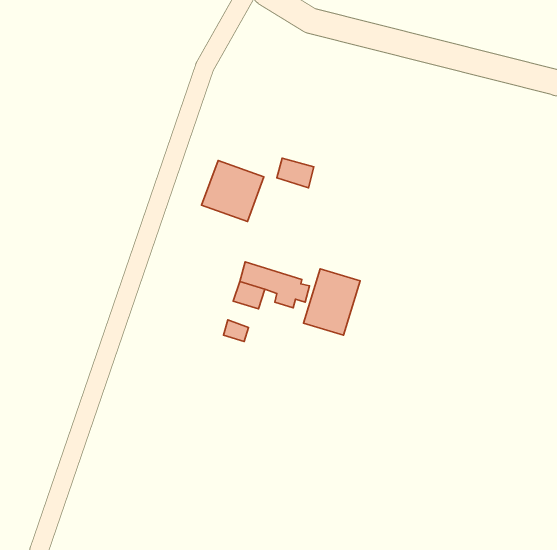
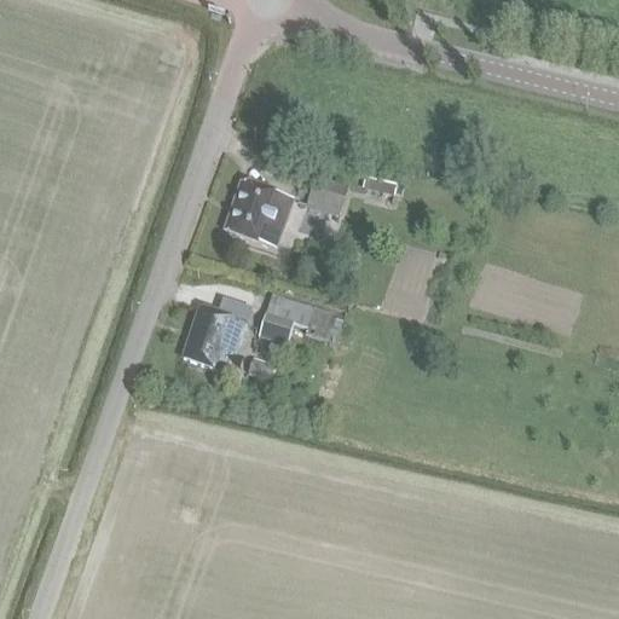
building: [304,269,360,335] -> none
building: none -> [184,305,250,371]

